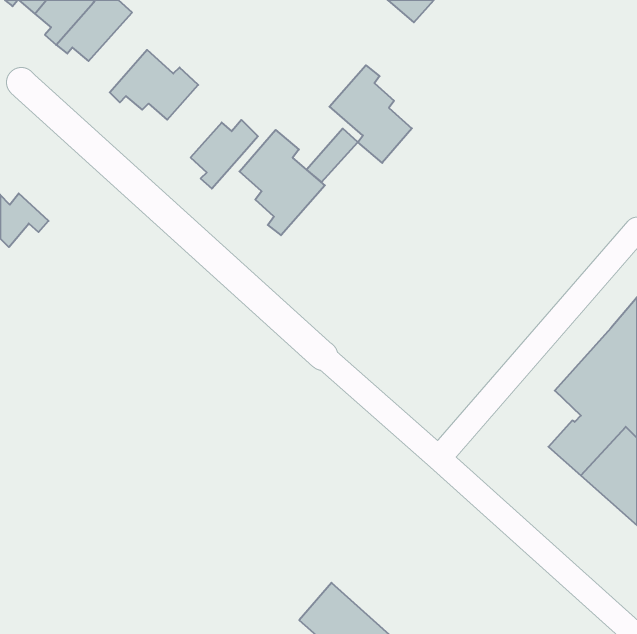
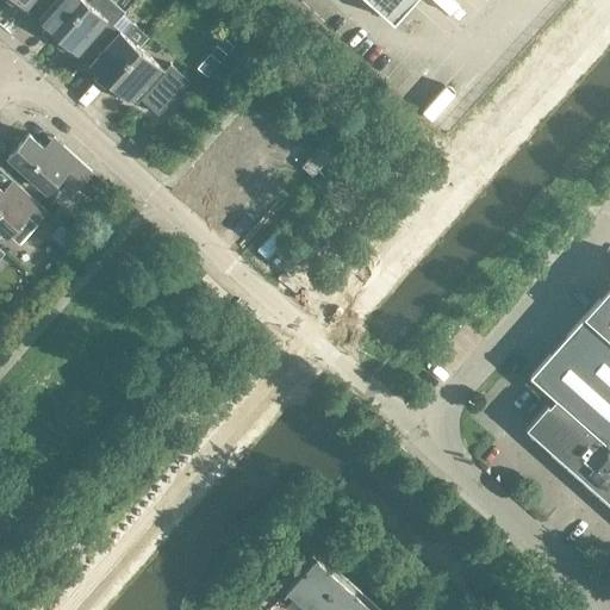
building: [329,65,412,163] -> none
building: [191,120,258,189] -> [85,26,149,92]
building: [239,130,325,235] -> none
building: none -> [10,137,93,195]

